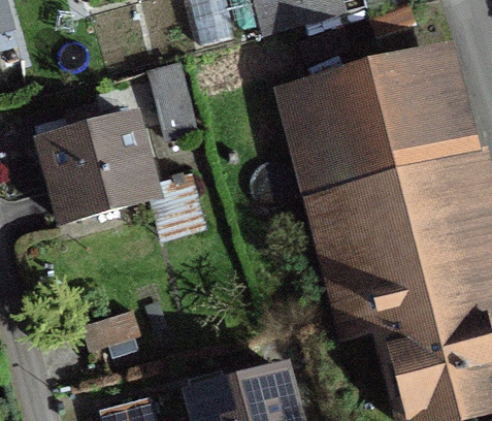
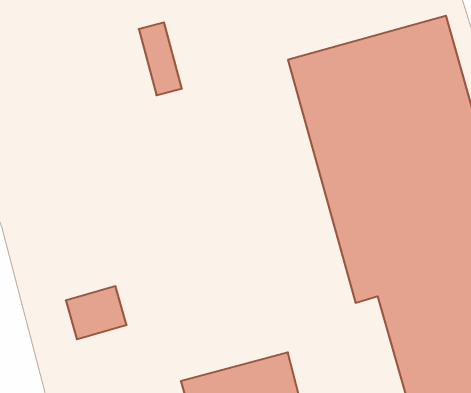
building: [32,104,155,220] -> none

